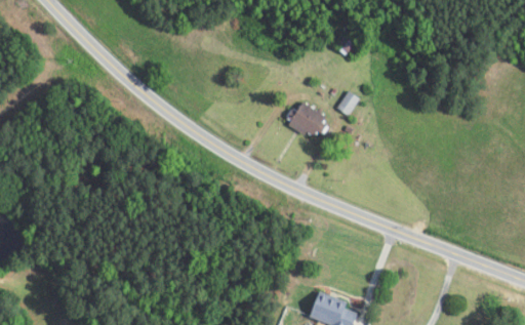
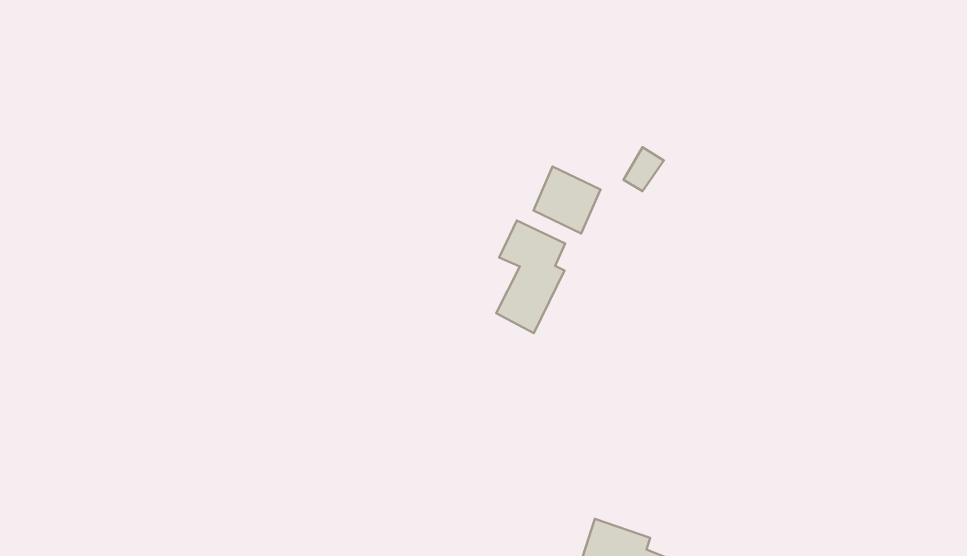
building: none -> [496,221,565,333]

